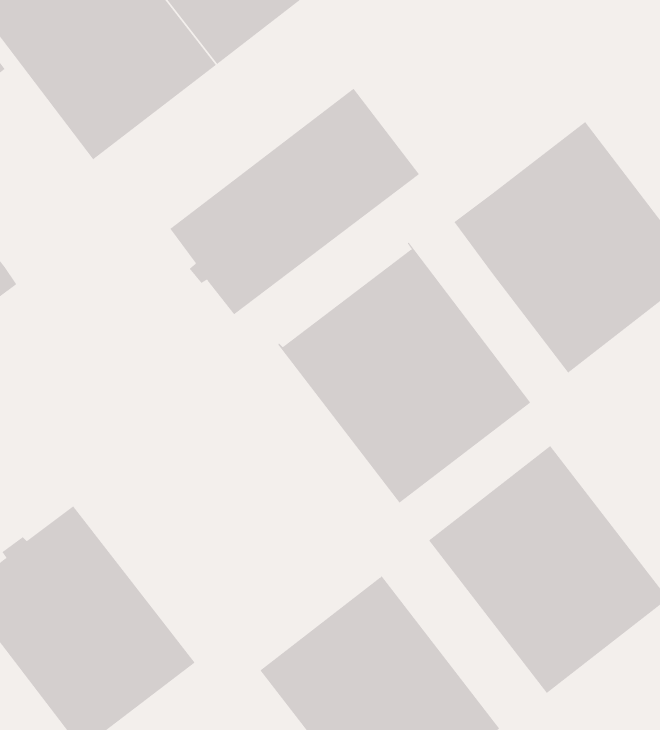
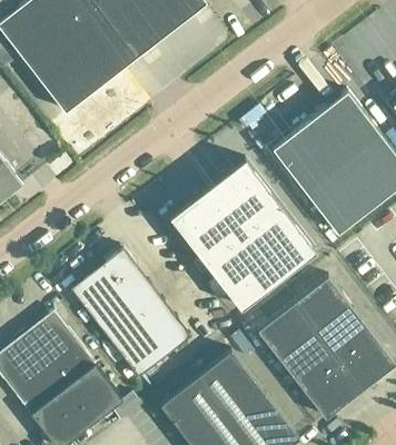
building: [169,88,420,315] -> none
building: none -> [70,248,191,377]

